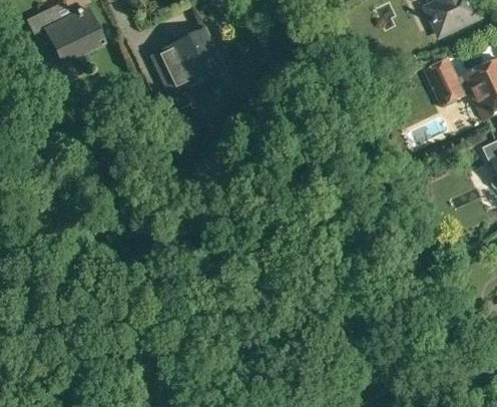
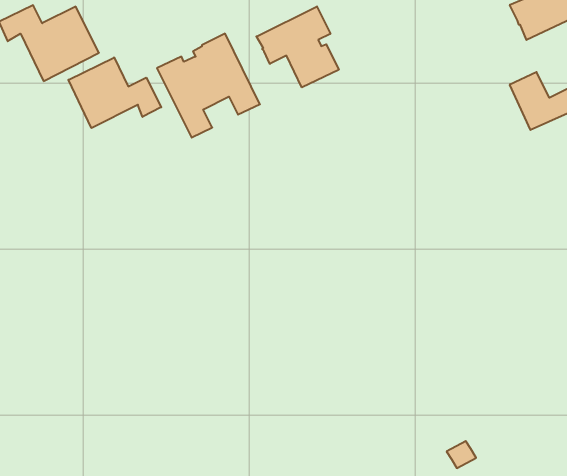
building: none -> [256,6,339,87]
building: none -> [68,57,161,128]

